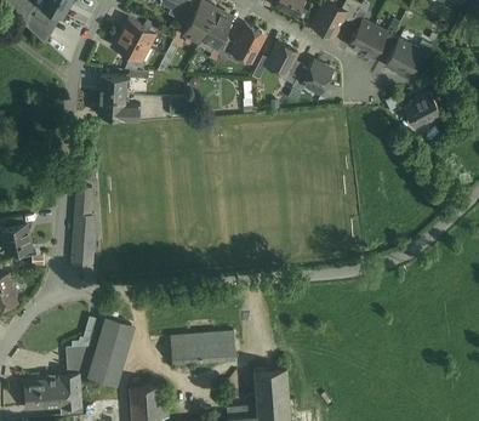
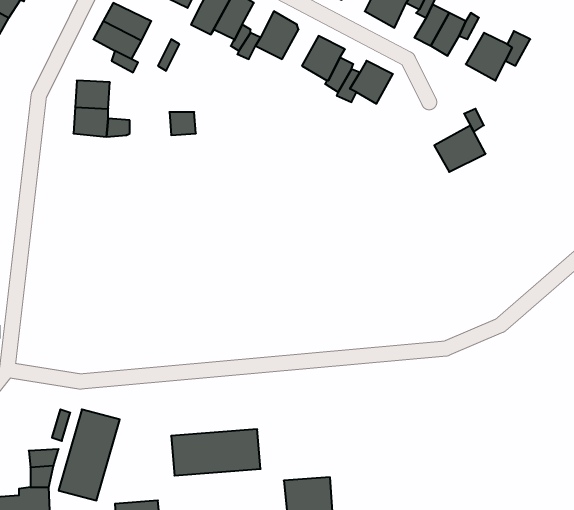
building: [403,91,440,125] -> [434,126,486,172]
building: [72,187,93,271] -> none

